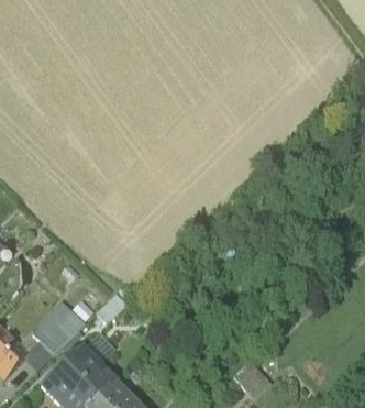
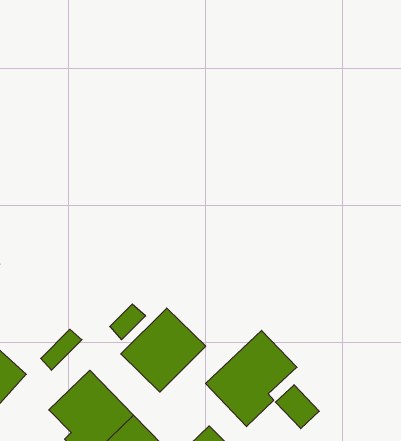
building: none -> [121,308,206,392]
building: none -> [206,330,297,427]

